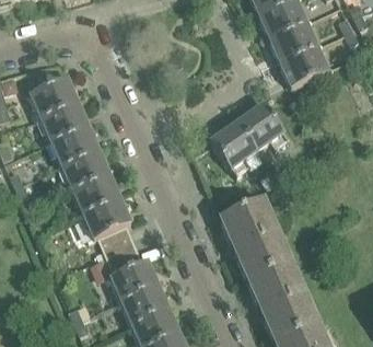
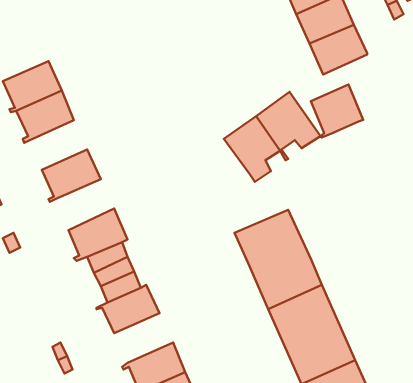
building: none -> [311,84,363,137]
building: [49,118,96,160] -> none
building: [70,166,118,209] -> none
building: [114,276,166,316] -> none

